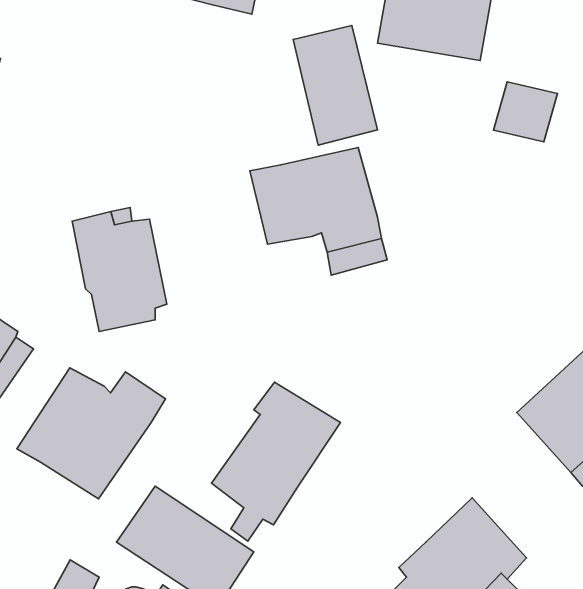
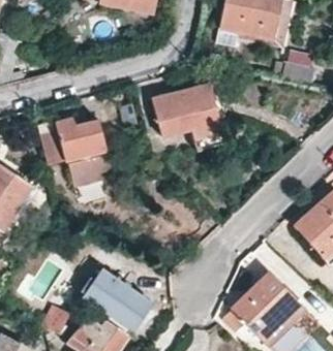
building: [293,26,377,145] -> none
building: [17,368,165,499] -> none
building: [212,382,340,541] -> none

